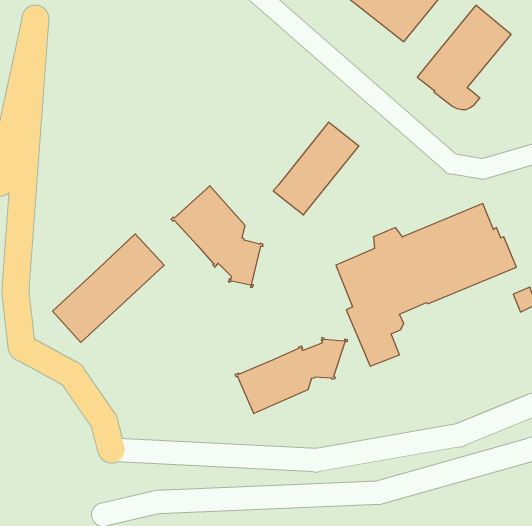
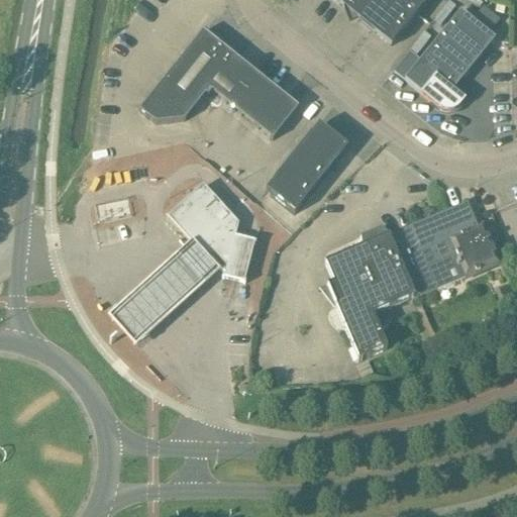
building: none -> [139,26,298,134]
building: [53,234,164,342] -> [108,239,216,344]
building: [235,337,347,414] -> none

